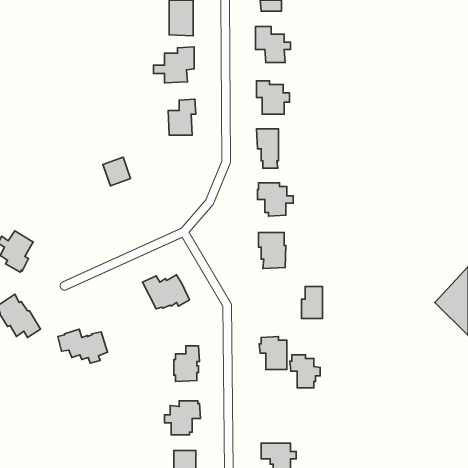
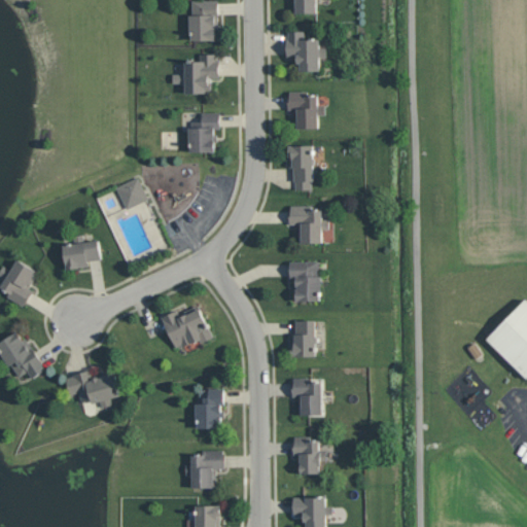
building: none -> [62,236,100,270]
building: [301,286,323,319] -> [290,321,314,357]
building: [290,355,320,388] -> [291,437,325,475]

